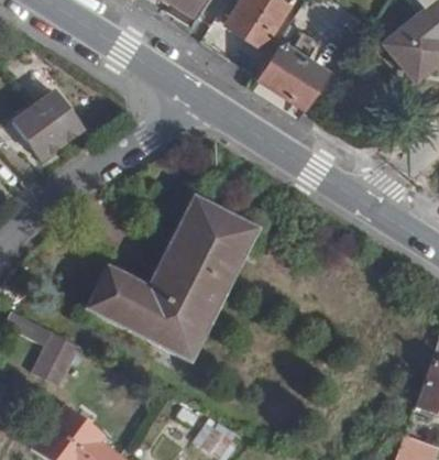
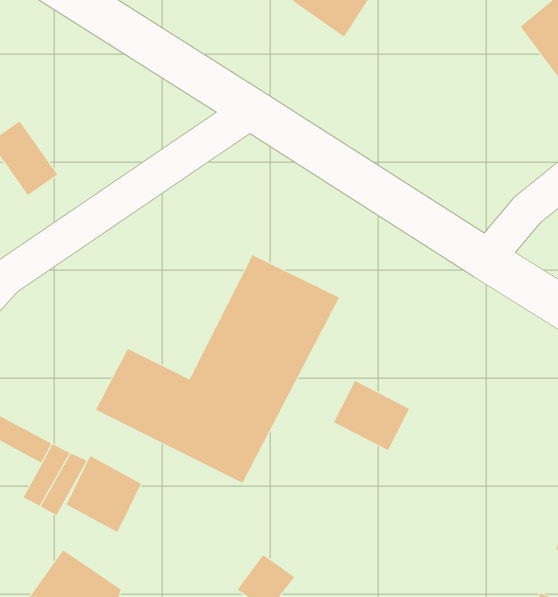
building: [257,37,329,108] -> none
building: [31,91,77,143] -> none
building: none -> [333,380,410,451]
building: none -> [66,455,142,533]

